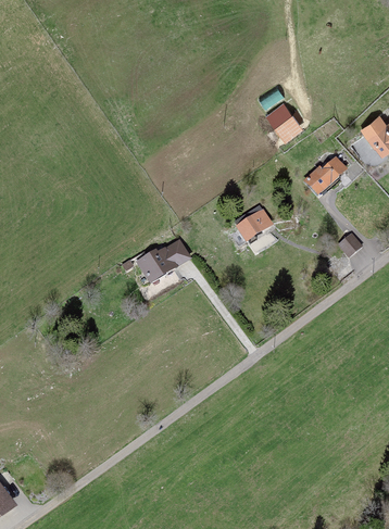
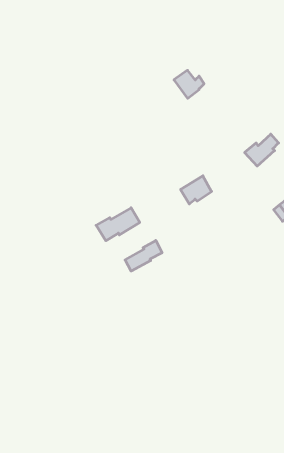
building: [268,103,302,135] -> [174,70,204,98]
building: none -> [125,240,162,271]

